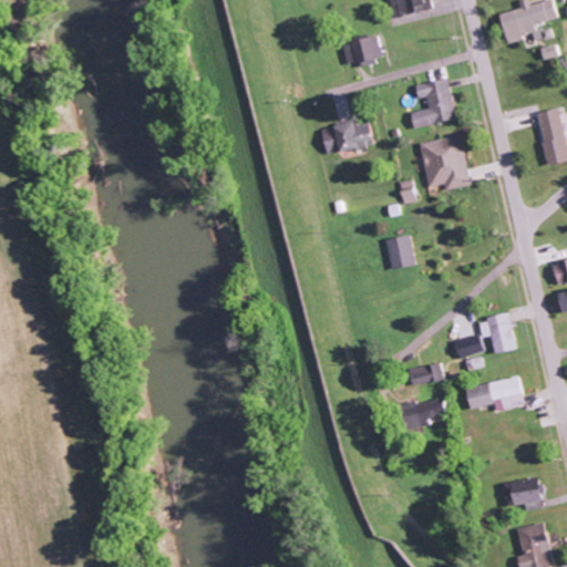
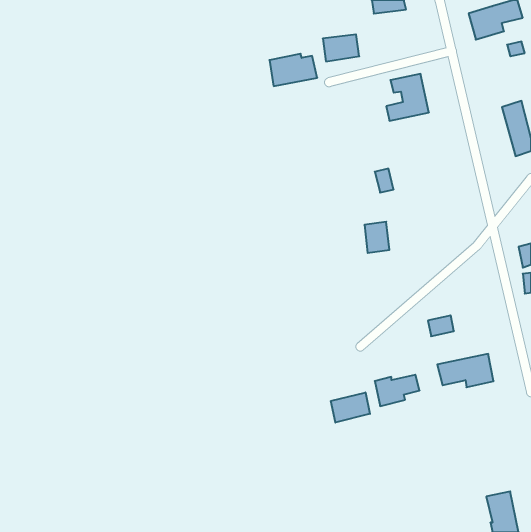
building: [322,121,373,155] -> [269,54,317,86]
building: [421,136,470,190] -> none
building: [478,313,516,353] -> none
building: [410,363,444,386] -> none
building: none -> [331,392,370,423]
building: [511,478,540,511] -> none

